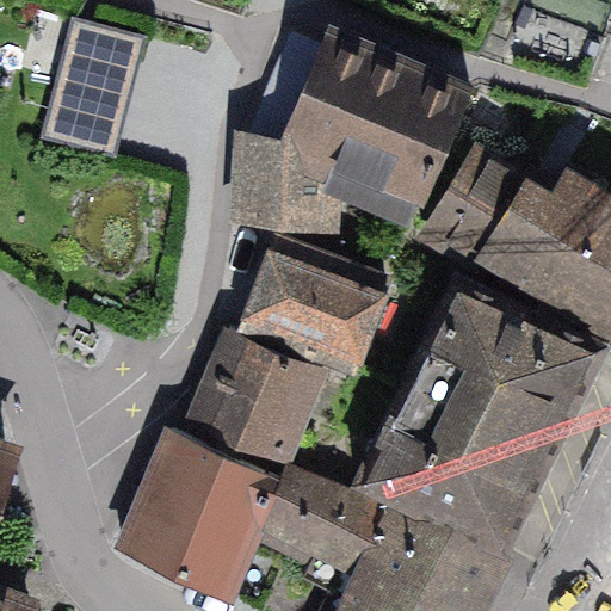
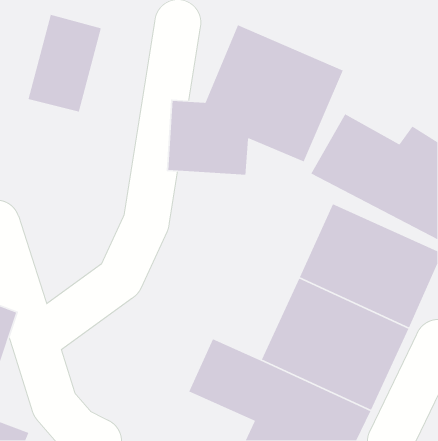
building: [239,247,390,372] -> none
building: [179,327,327,470] -> none
building: [123,432,279,591] -> none

